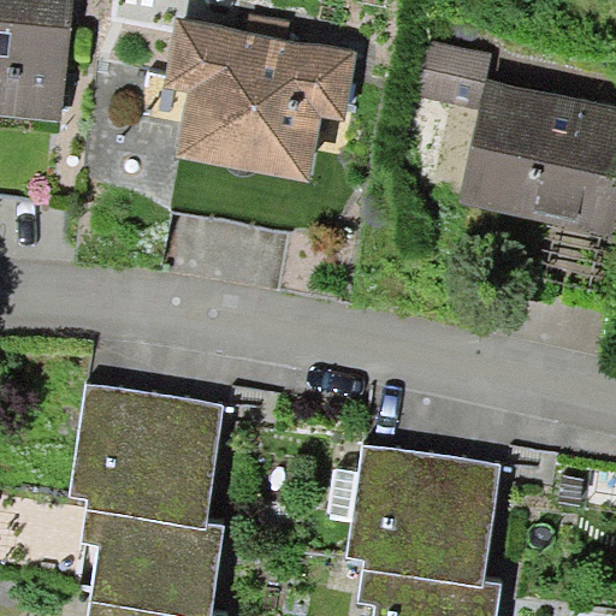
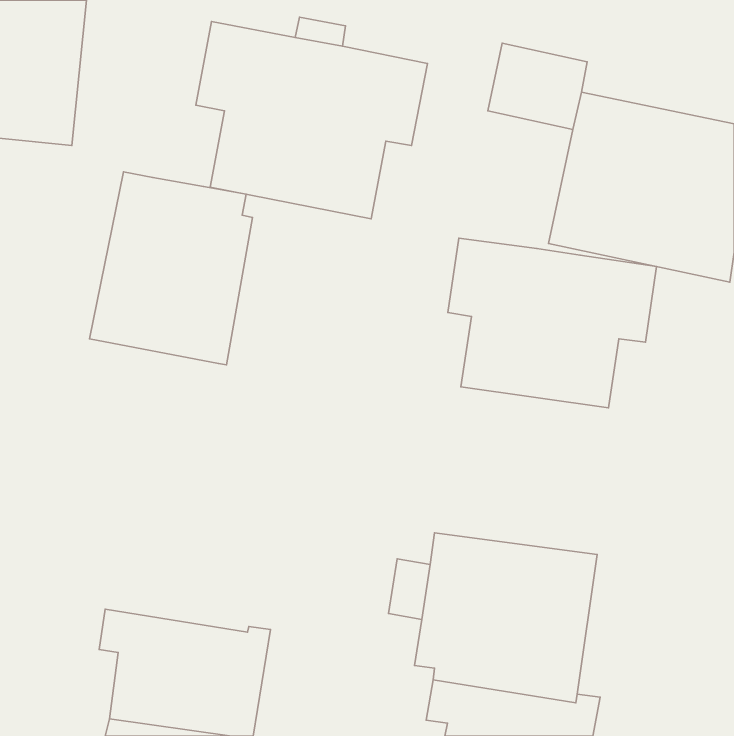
building: none -> [90,172,253,365]
building: none -> [448,238,657,408]
building: [70,386,225,528] -> none

